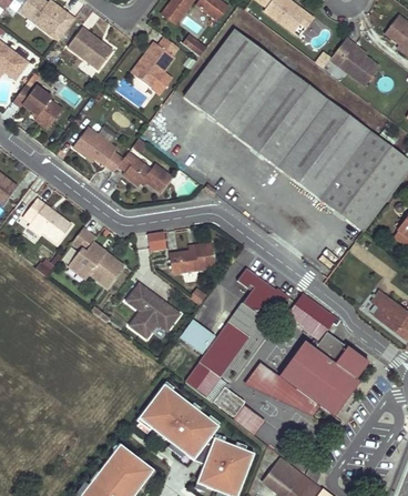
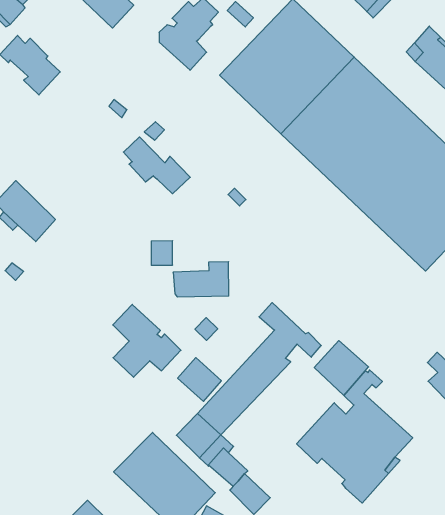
building: [73,126,123,172] -> none
building: [68,229,124,287] -> none
building: [245,363,322,416] -> none

